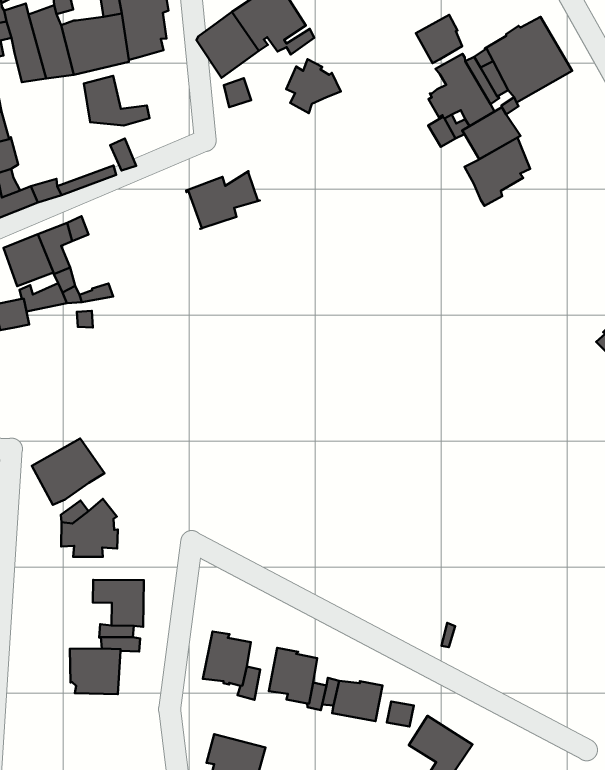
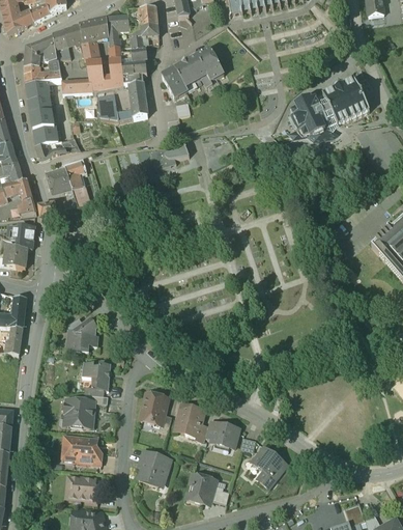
building: [416,15,462,63] -> none
building: none -> [127,73,146,110]
building: [286,59,341,113] -> none
building: [465,138,530,206] -> none
building: [32,439,104,505] -> none
building: none -> [63,439,103,462]

